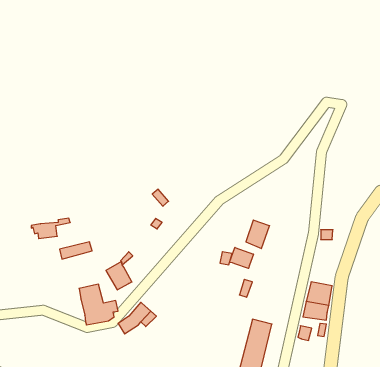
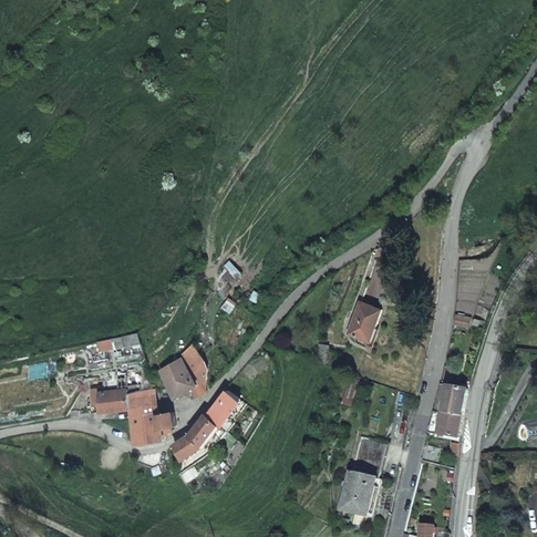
building: [31,218,70,239] -> [87,385,141,413]
building: [229,247,253,268] -> none
building: none -> [182,361,203,396]
building: none -> [209,391,241,424]

